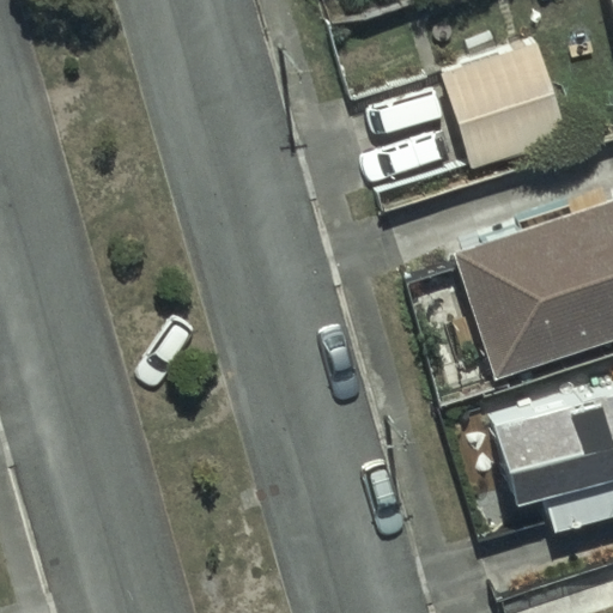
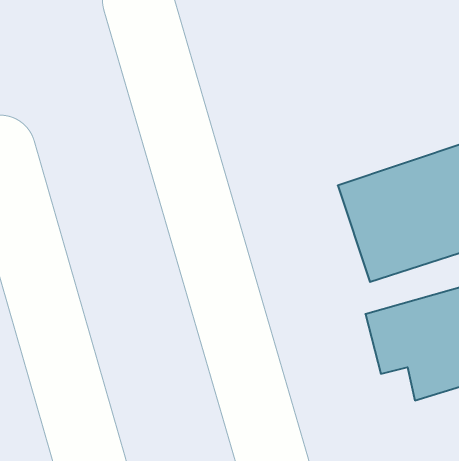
building: [441,43,570,171] -> none

